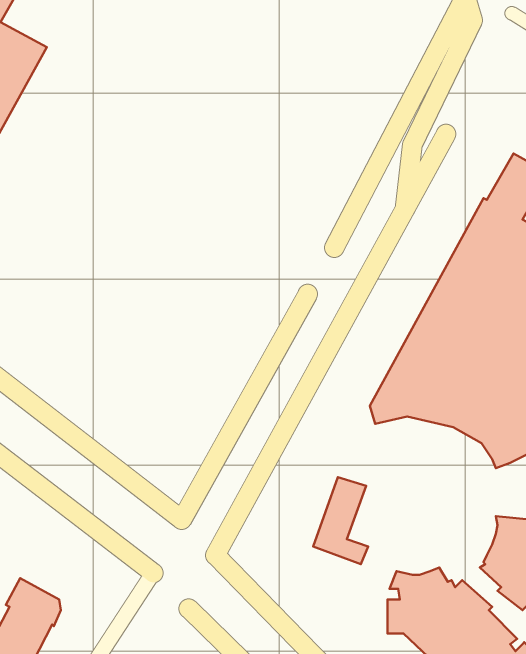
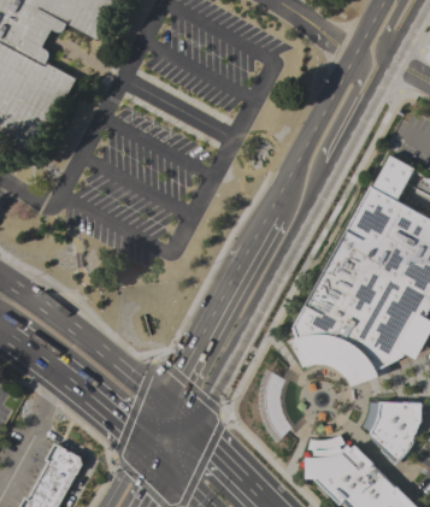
building: none -> [290,332,388,387]

